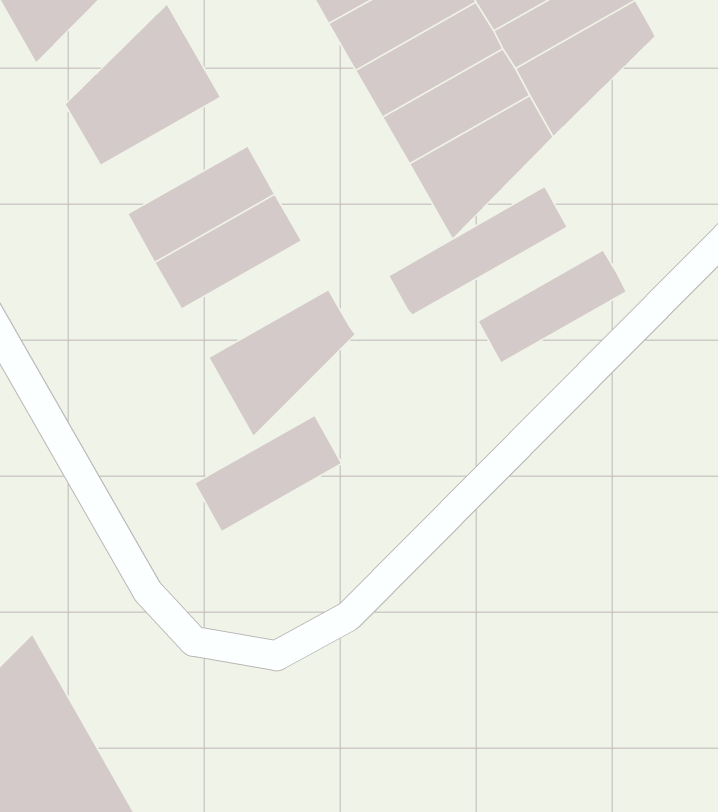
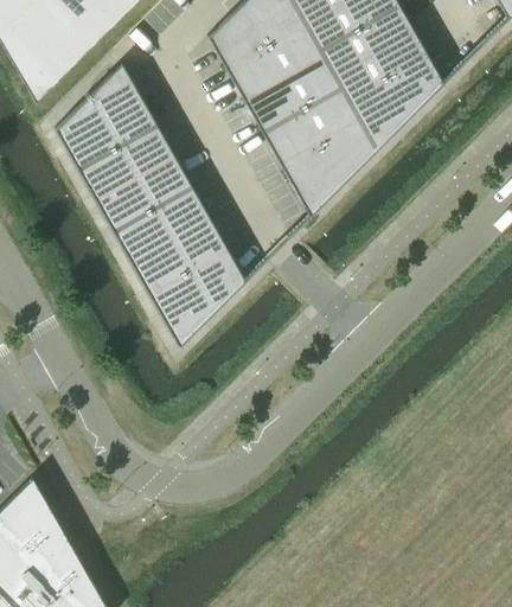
building: none -> [78,123,175,200]
building: [388,186,568,315] -> none
building: [478,250,626,363] -> none
building: [195,415,342,532] -> [132,218,229,295]

